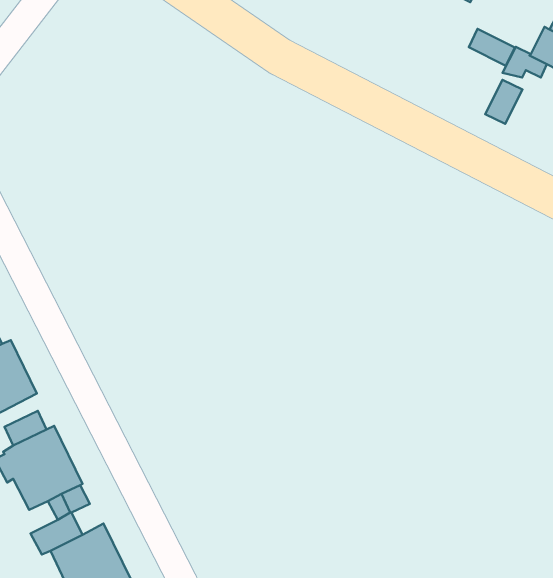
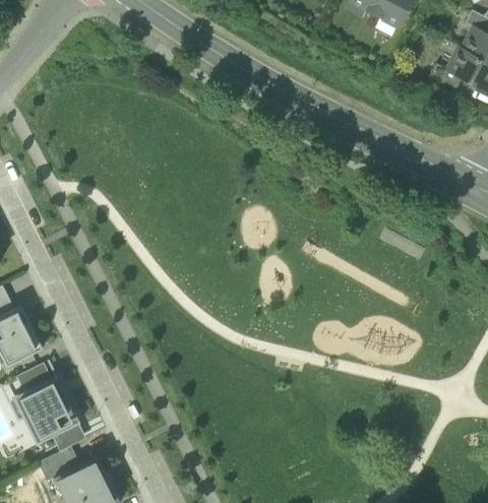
building: [469,29,515,66] -> none
building: [485,80,522,124] -> none

